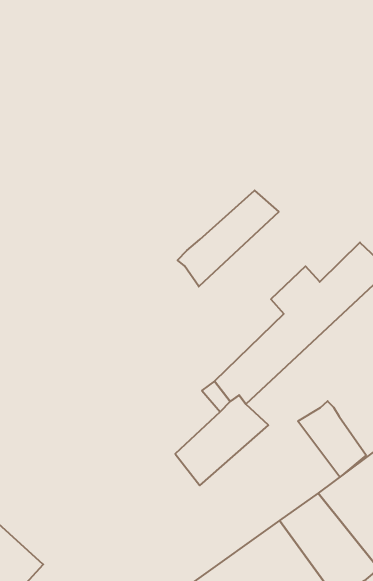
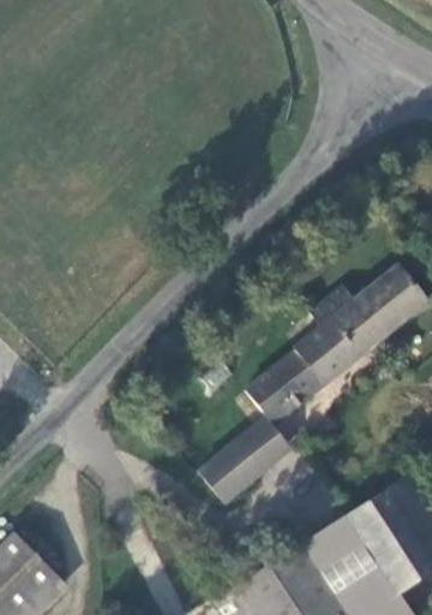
building: [178,190,279,287] -> none
building: [298,401,366,477] -> none

